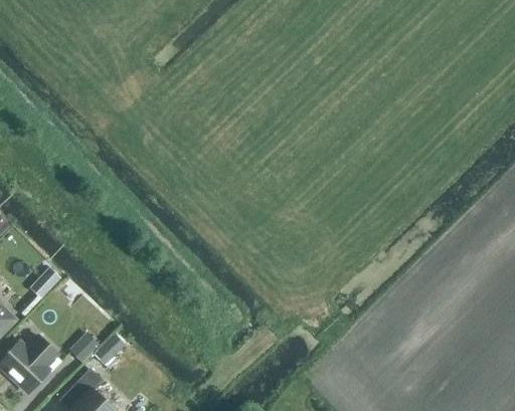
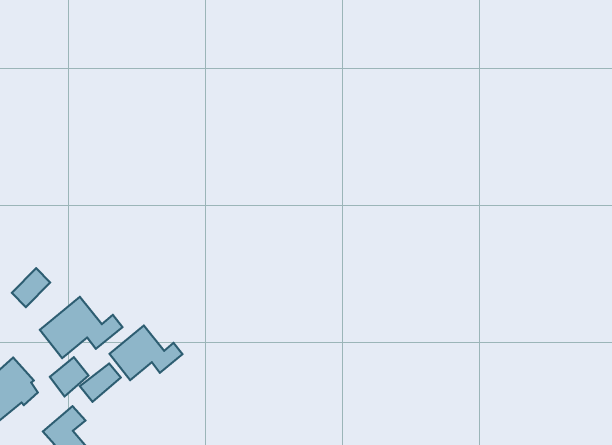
building: none -> [40,297,122,358]
building: none -> [110,326,182,380]

